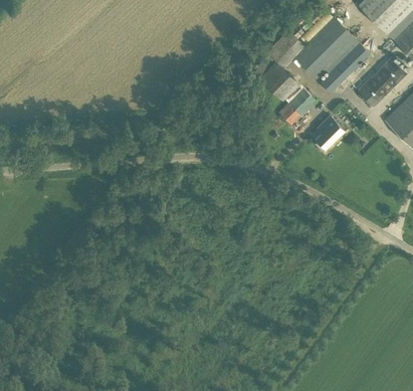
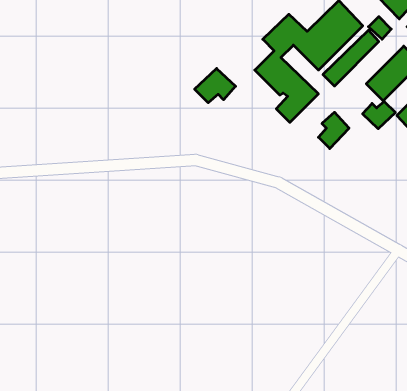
building: none -> [195,68,236,103]
building: none -> [363,101,395,129]

